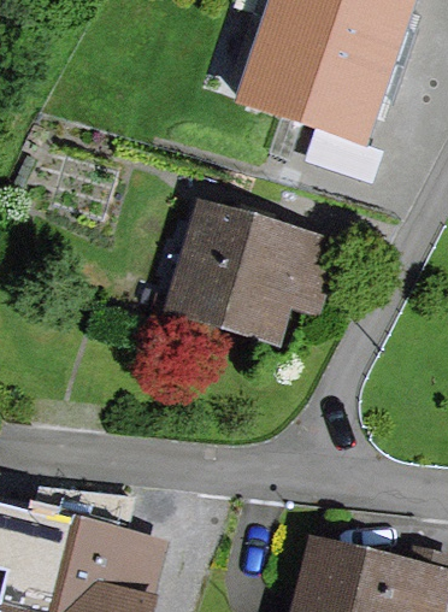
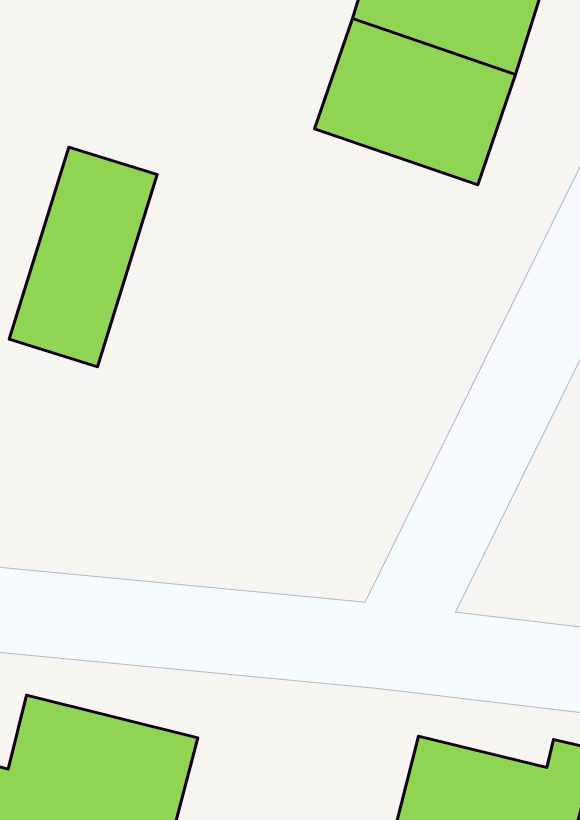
building: none -> [9,147,157,367]
building: [151,211,331,336] -> none

